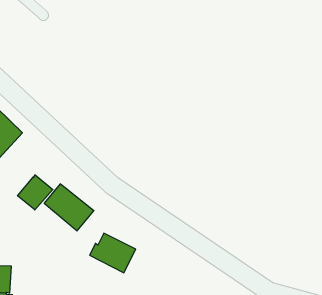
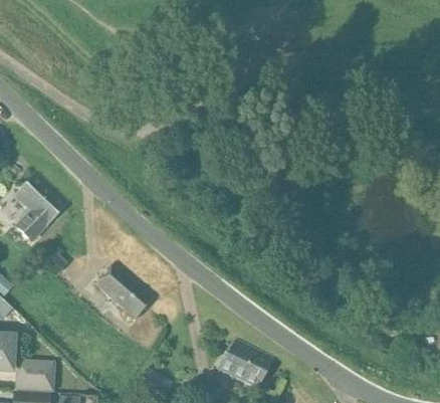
building: [18,175,53,210] -> none
building: [90,233,136,273] -> [217,342,272,389]

